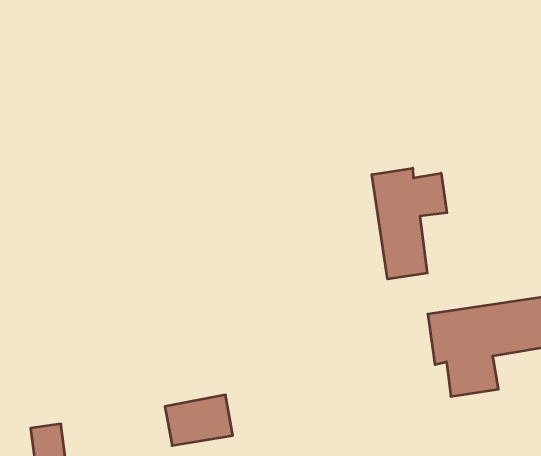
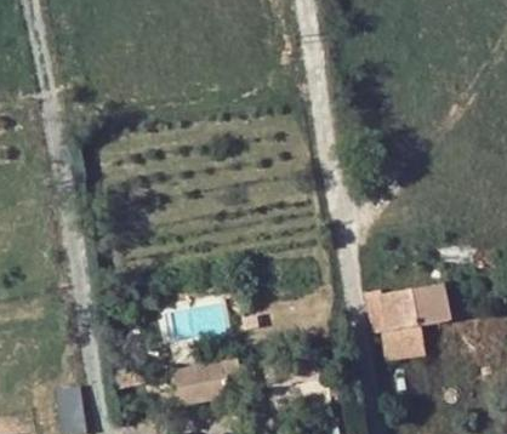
building: [372,168,447,279] -> none

